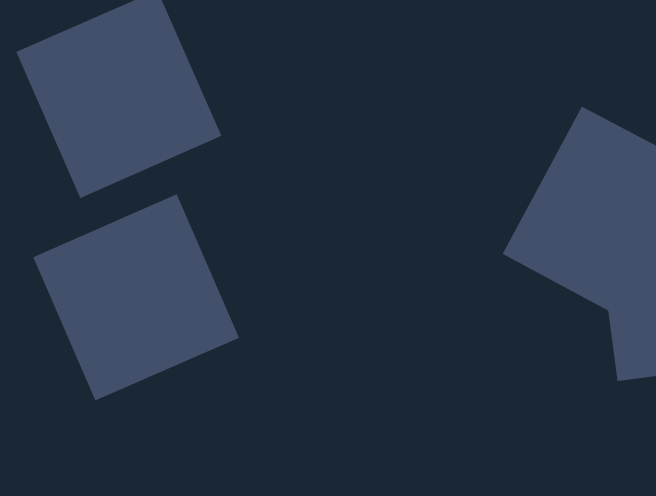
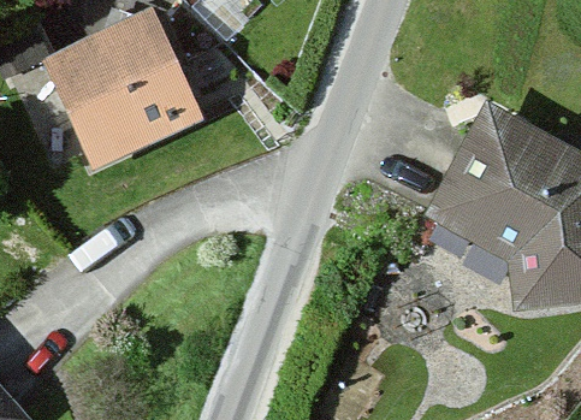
building: [32,193,240,402] -> none

